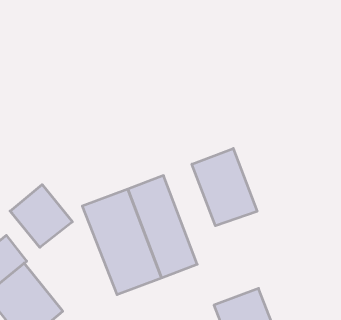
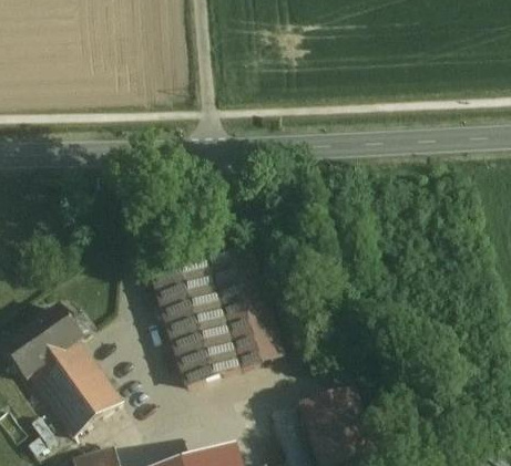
building: [192,148,257,226] -> none
building: [10,185,72,247] -> none

